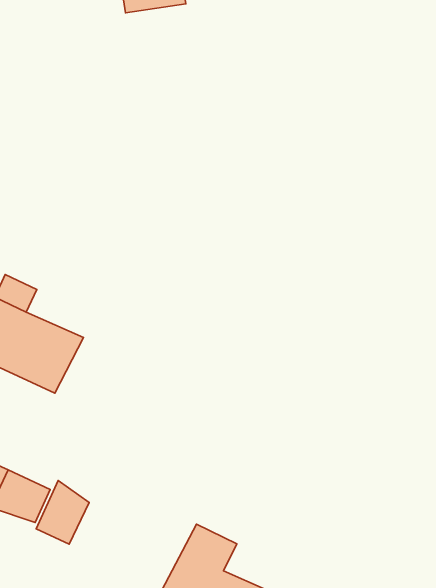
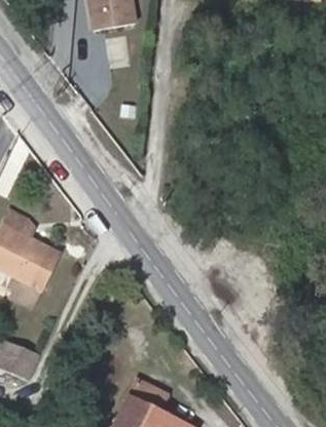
building: [36,481,89,544] -> none

